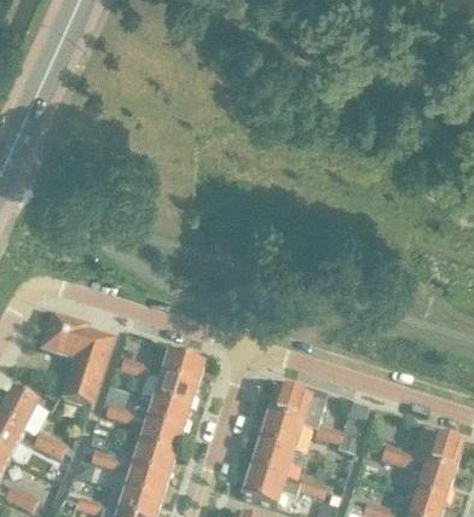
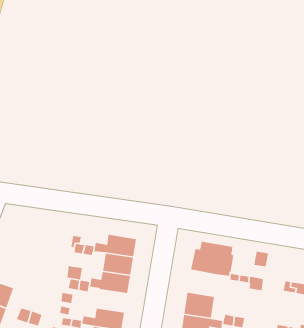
building: [42,318,111,409] -> none
building: [258,416,301,454] -> none
building: [138,424,181,458] -> none

